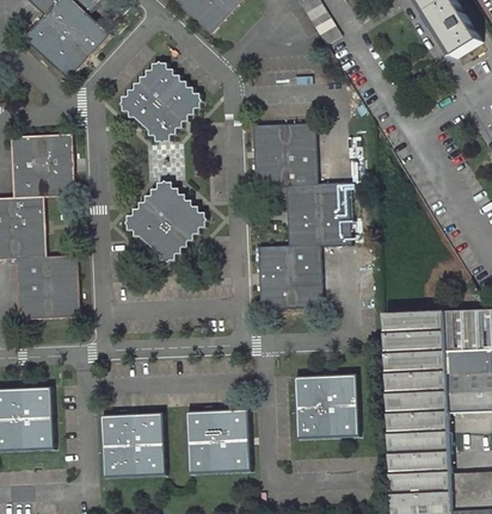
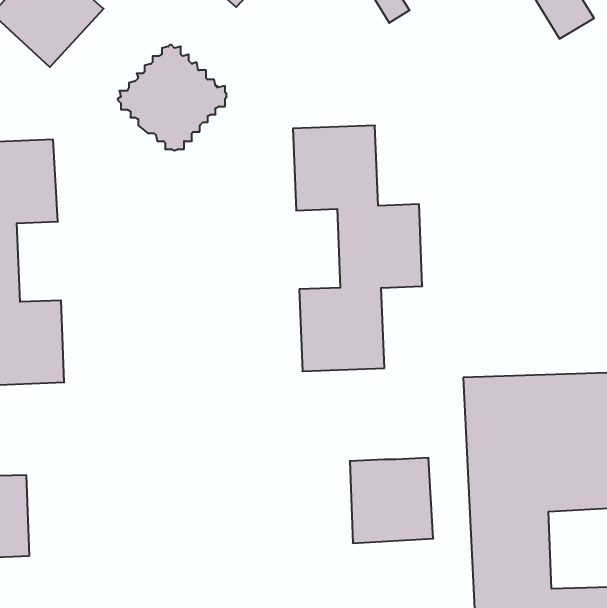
building: [123,180,207,261] -> none
building: [186,408,250,472] -> none
building: [102,413,165,476] -> none

